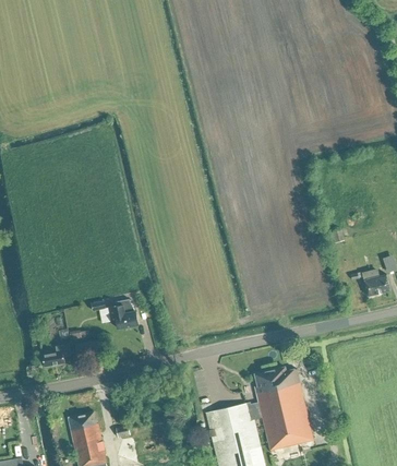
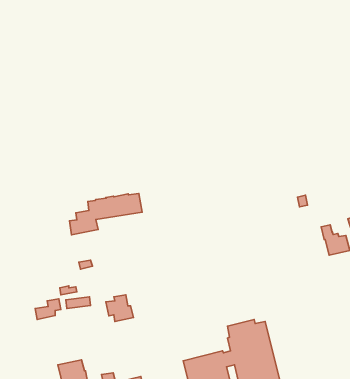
building: none -> [69,193,142,235]
building: [107,299,137,328] -> [106,295,134,322]

